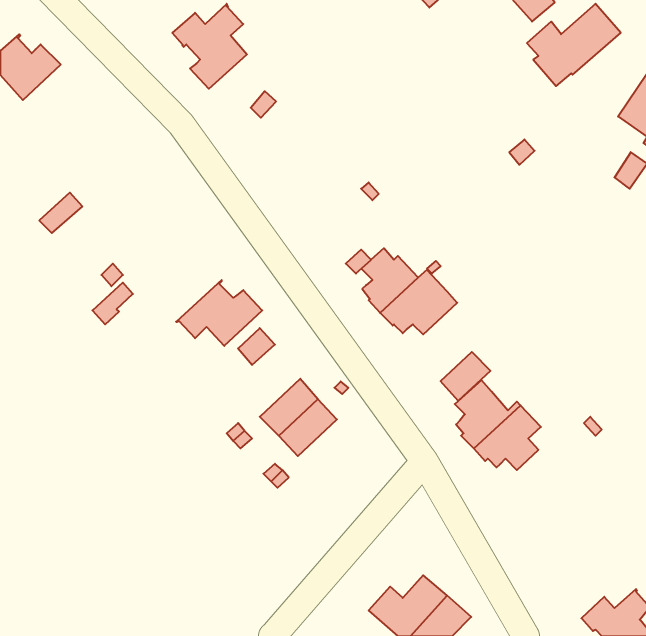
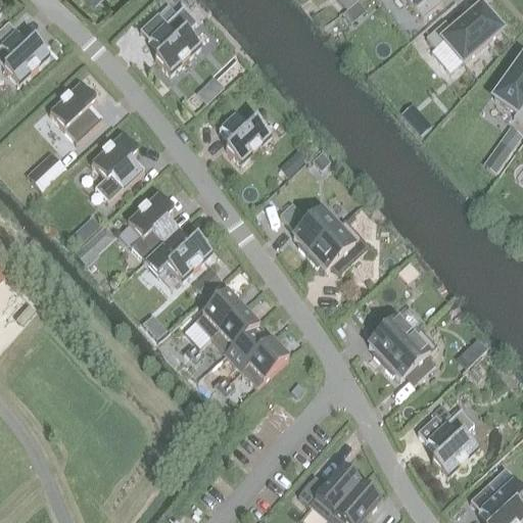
building: none -> [49,82,102,141]
building: none -> [219,110,272,161]
building: none -> [91,133,144,201]
building: none -> [127,191,180,259]
building: [441,352,490,401] -> none
building: none -> [195,289,243,336]
building: none -> [241,338,288,385]
building: none -> [417,406,478,474]

